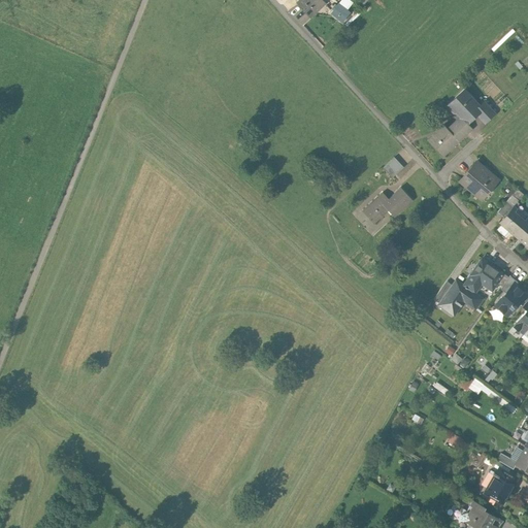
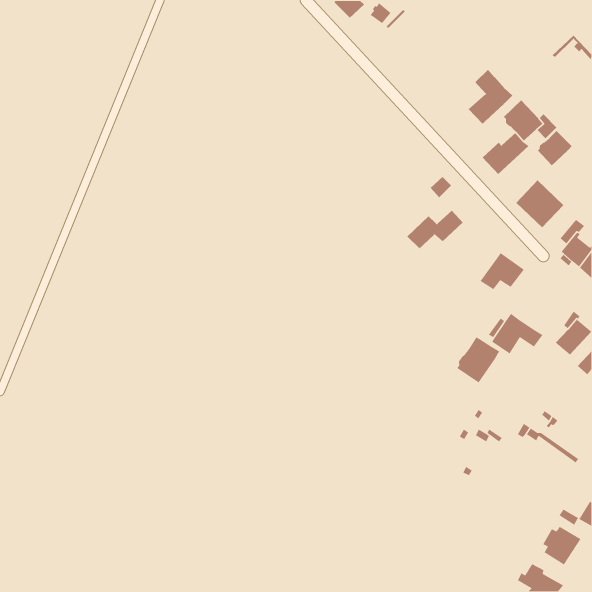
building: none -> [468,69,513,125]
building: none -> [537,130,572,166]
building: [463,259,503,293] -> [479,252,525,290]
building: none -> [456,336,500,384]

